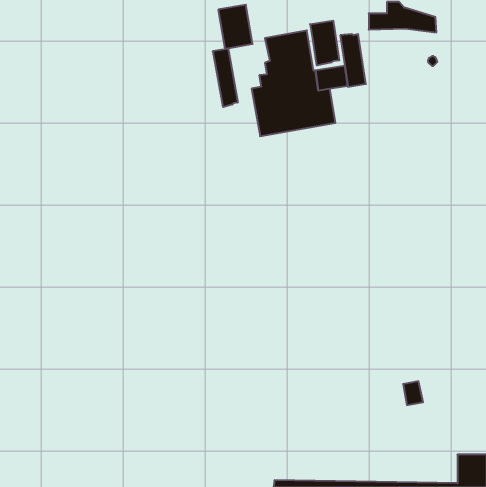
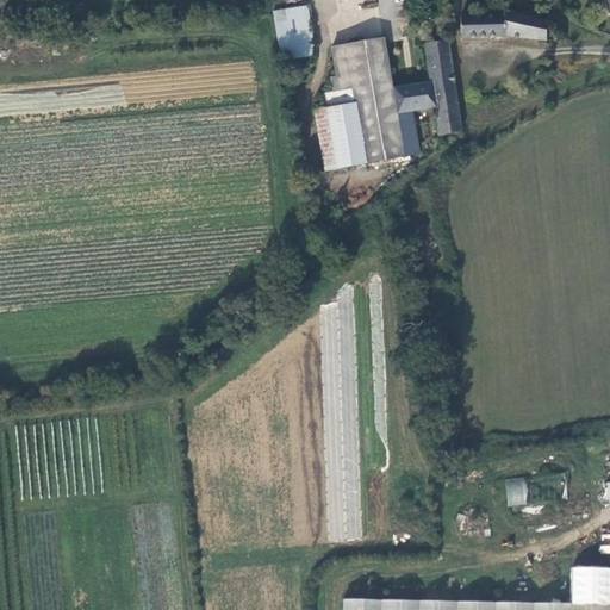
building: [310,21,339,65] -> none
building: [213,48,238,107] -> none
building: none -> [436,105,462,135]

